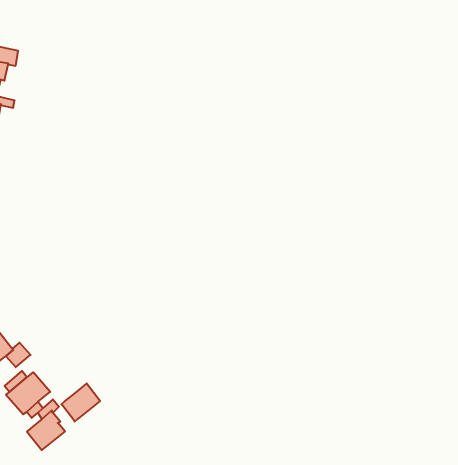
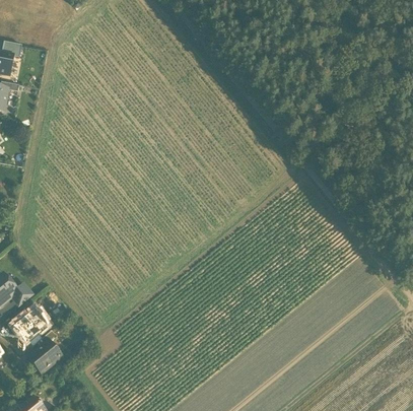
building: [61,383,100,422] -> none

